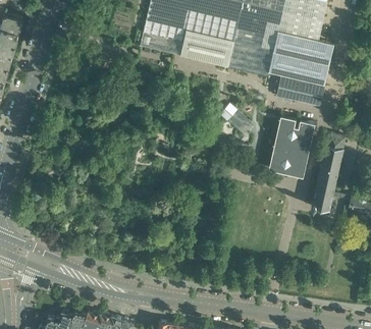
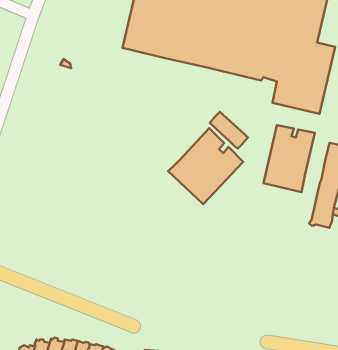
building: none -> [168,128,243,204]

